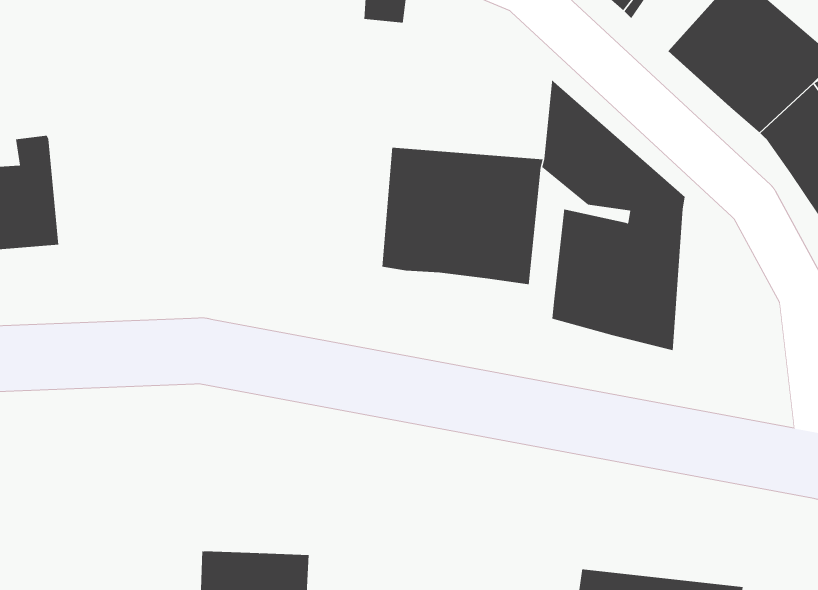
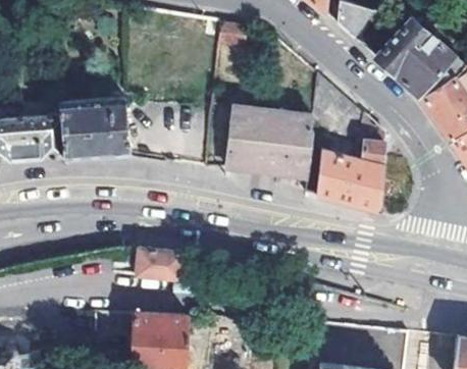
building: none -> [58,97,128,157]
building: none -> [136,248,197,280]

